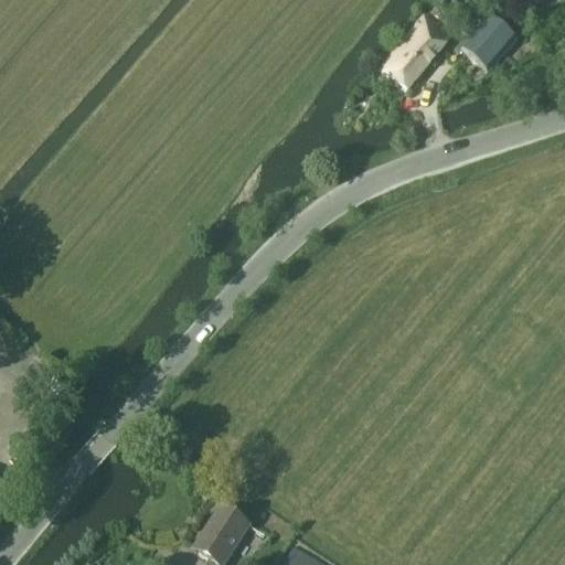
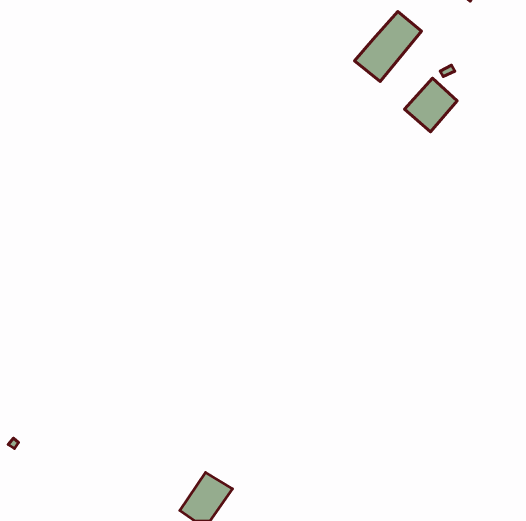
building: [461,12,518,70] -> [405,78,457,132]

